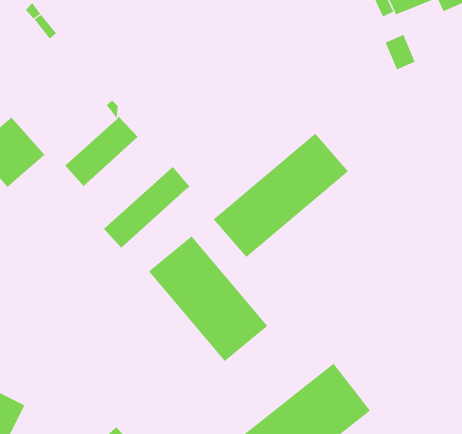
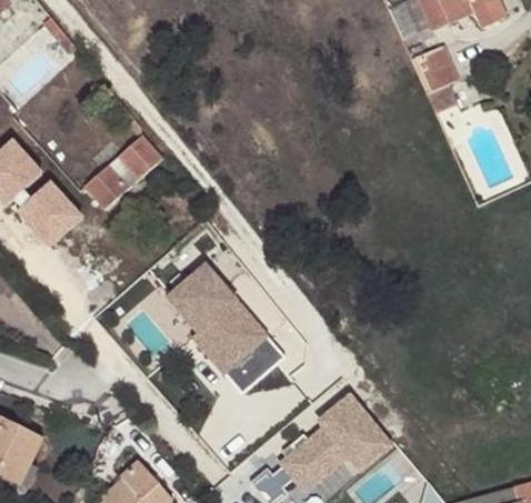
building: [213,133,349,258] -> none
building: none -> [24,181,94,250]
building: [103,166,190,248] -> none

